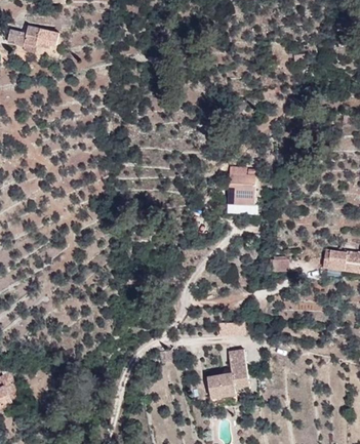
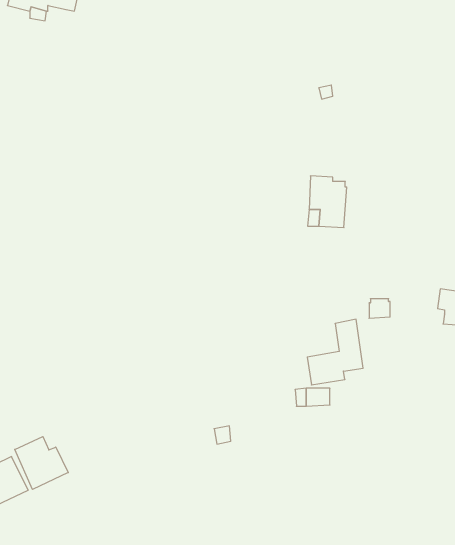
building: [207,349,248,397] -> [307,319,363,385]
building: none -> [15,437,68,489]

